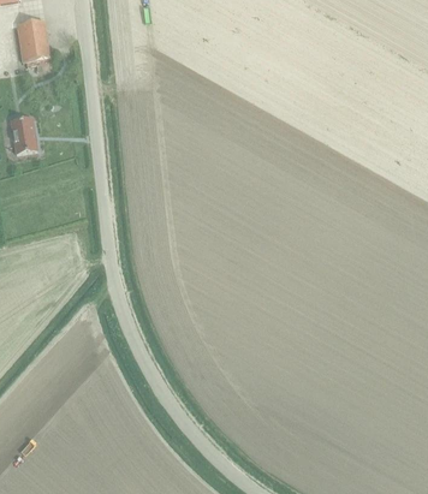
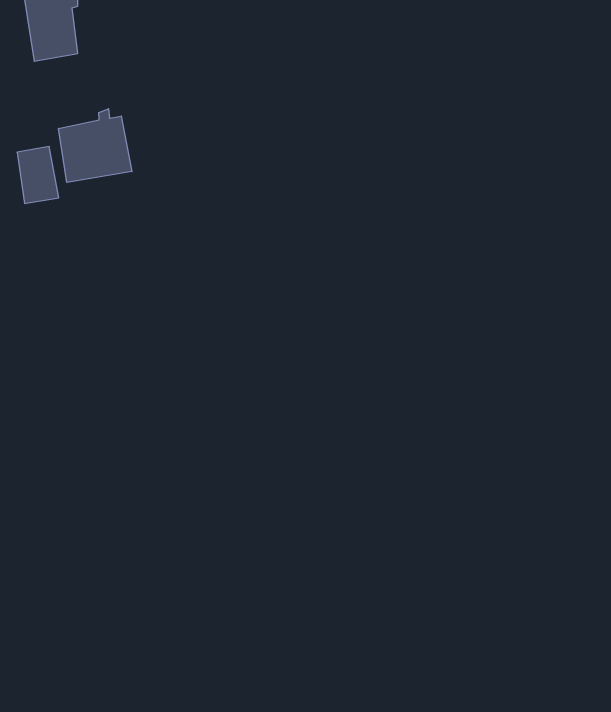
building: none -> [59,109,132,182]

